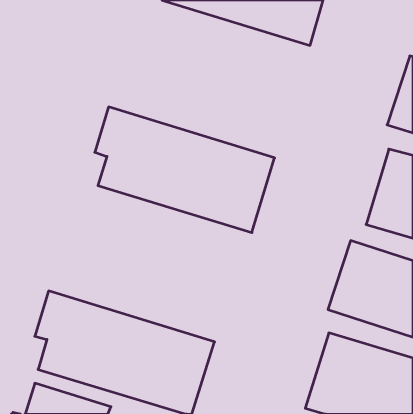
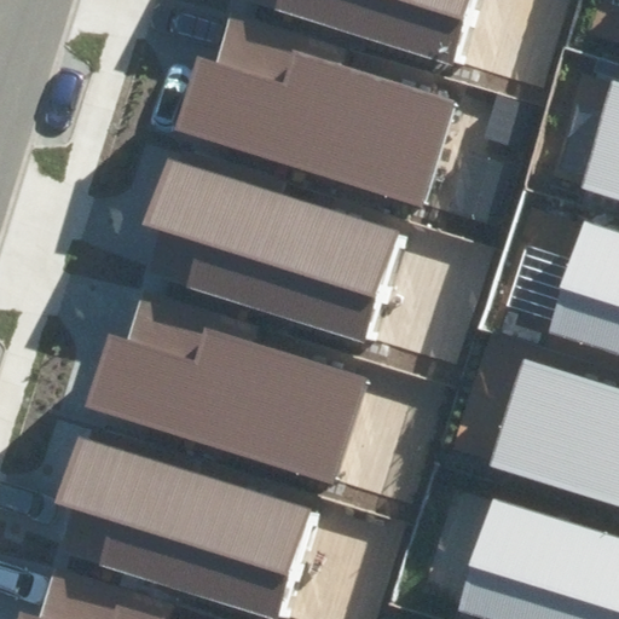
building: none -> [175,13,457,207]
building: none -> [85,290,366,482]

